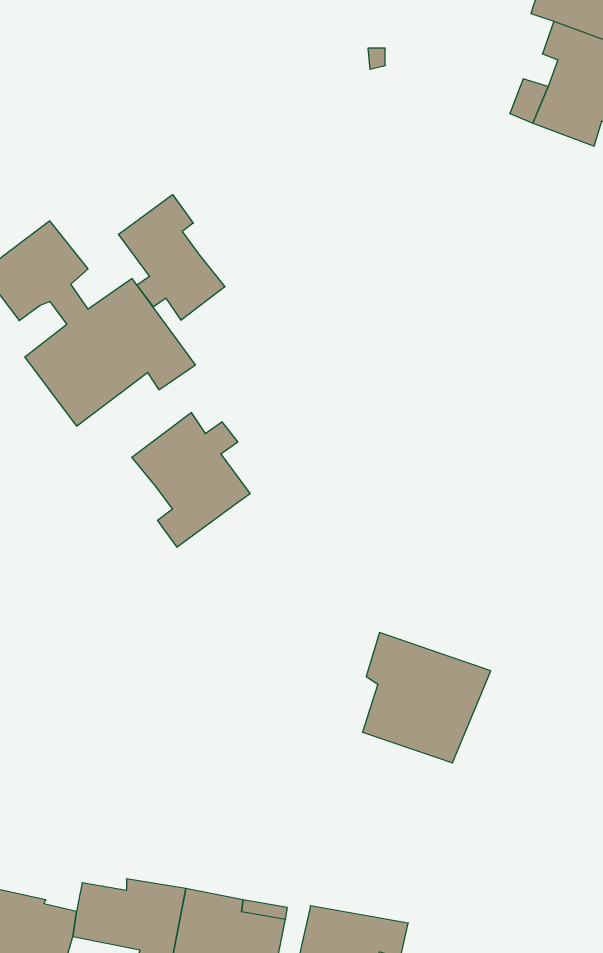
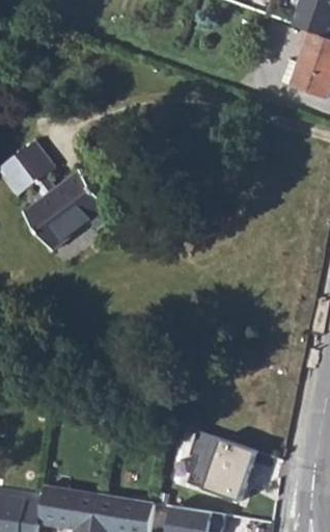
building: [119,195,225,320] -> none
building: [132,412,250,547] -> none
building: [362,632,491,763] -> [182,432,251,503]

